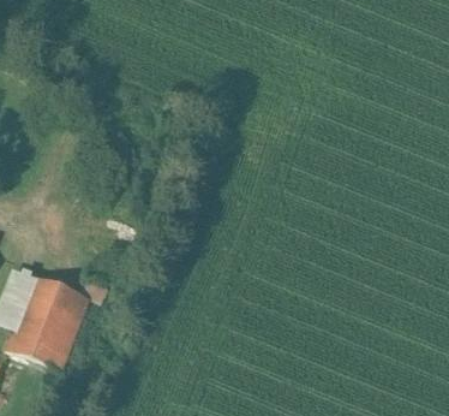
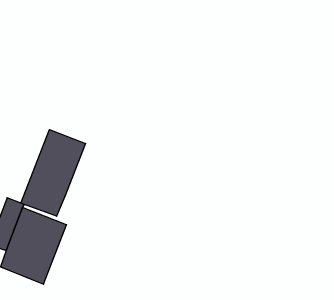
building: none -> [21,130,86,216]

